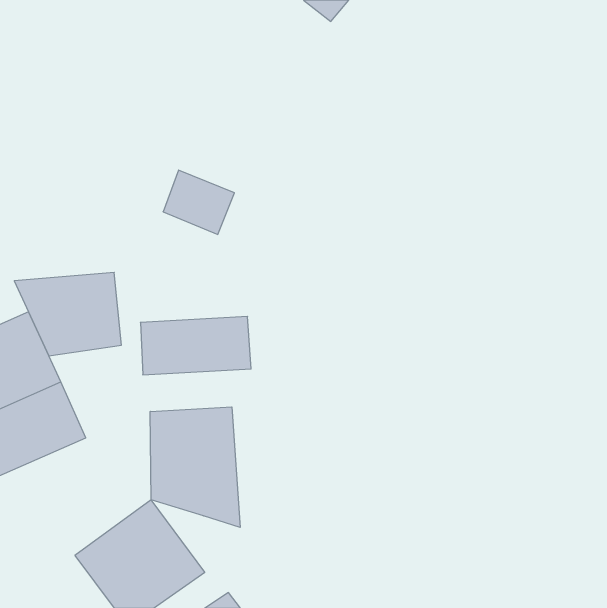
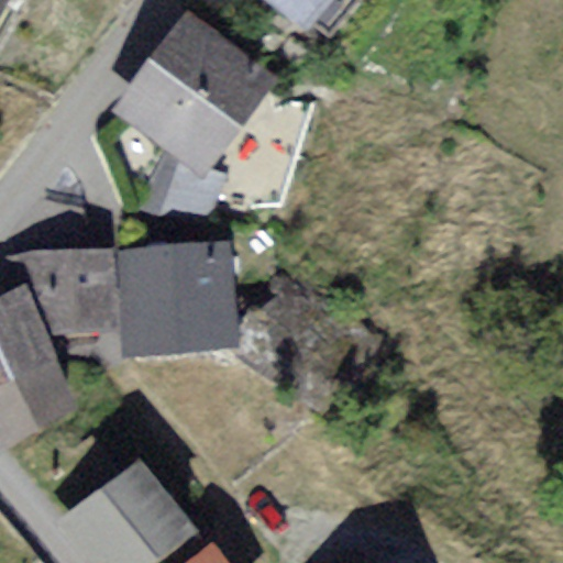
building: none -> [124,18,268,164]
building: none -> [126,246,229,298]
building: [150,407,240,527] -> none

